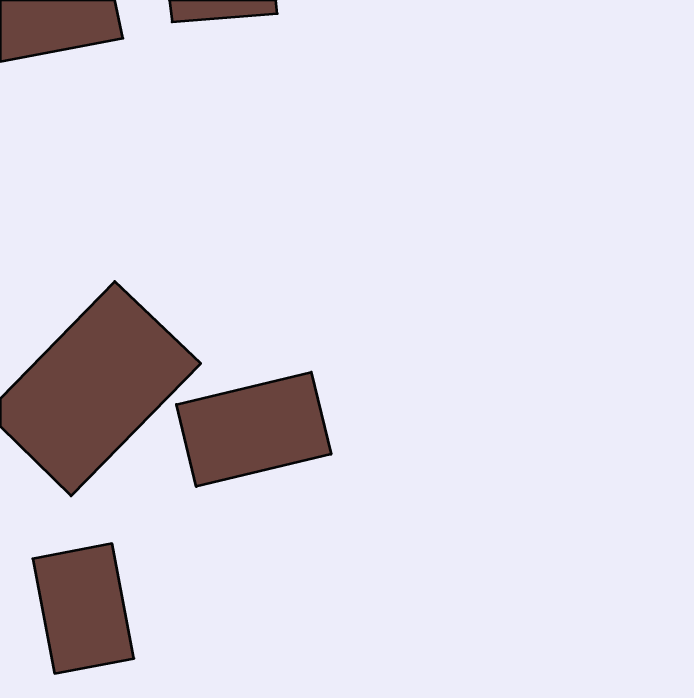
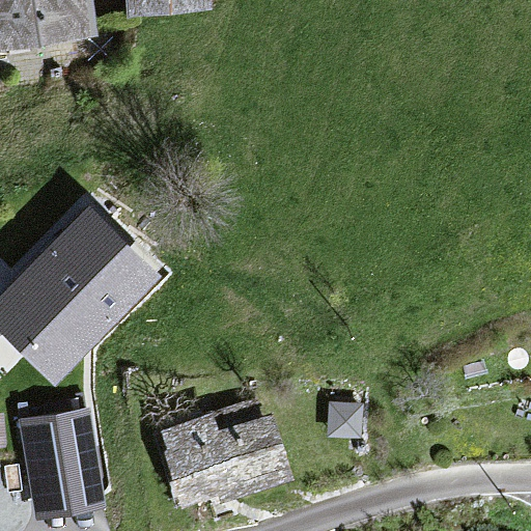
building: [176,372,331,487] -> none
building: none -> [156,411,280,504]

